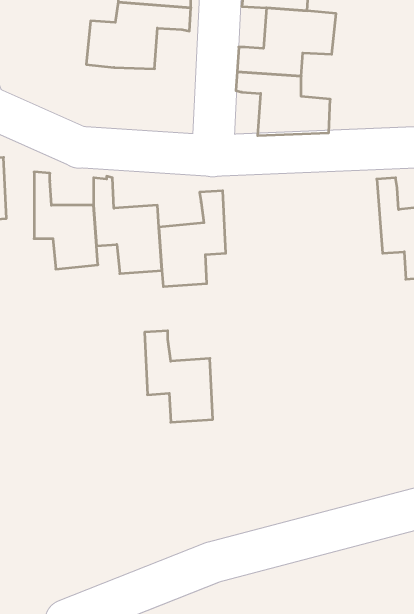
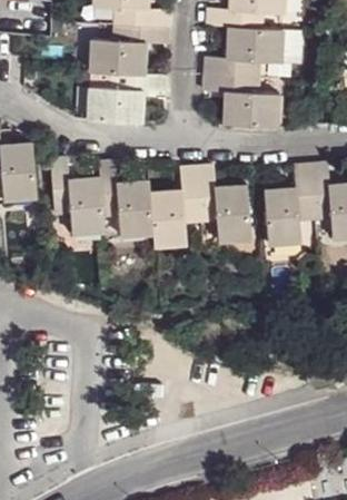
building: none -> [87,75,168,124]
building: none -> [267,160,318,244]
building: [145,331,213,422] -> [196,168,248,238]

